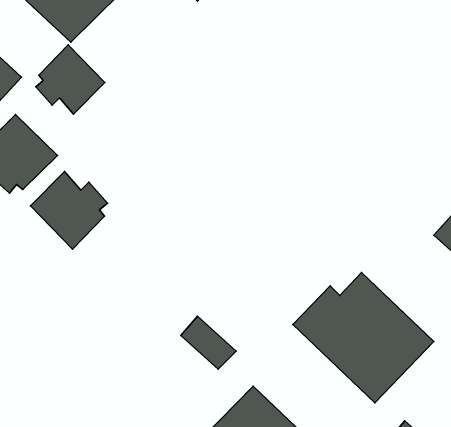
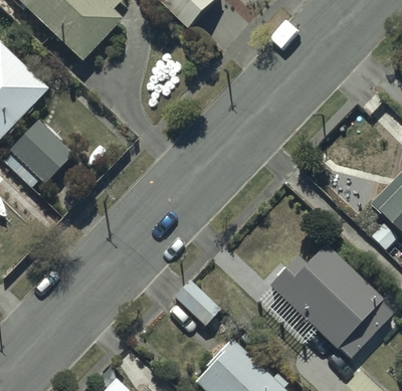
building: [36,45,105,114] -> none
building: [30,172,107,249] -> none

